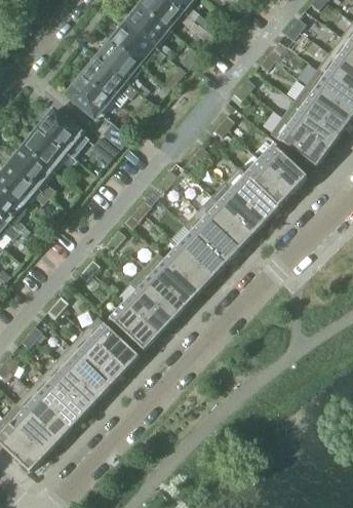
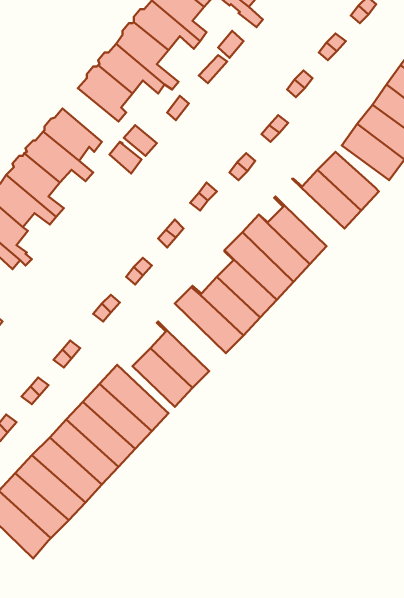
building: [225,165,280,220] -> none
building: [130,266,185,320] -> none

